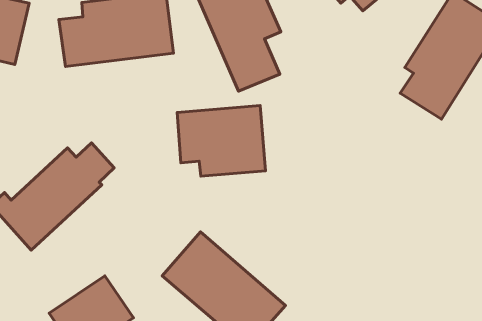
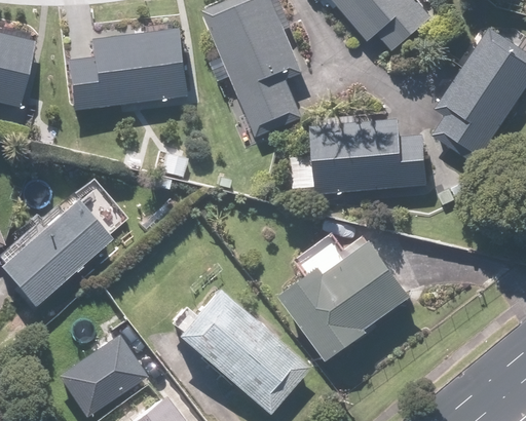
building: none -> [310,119,428,195]
building: [177,106,265,176] -> none
building: none -> [283,238,415,358]

